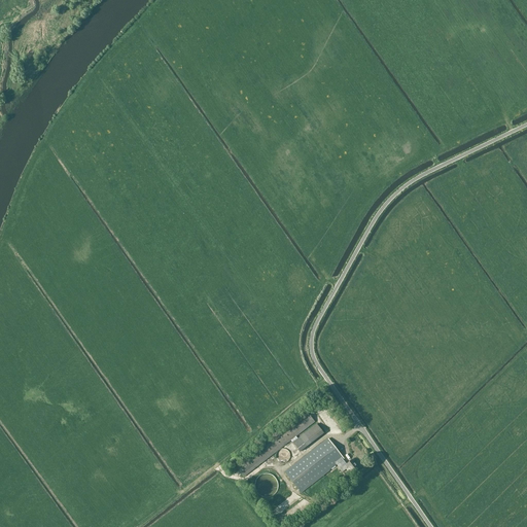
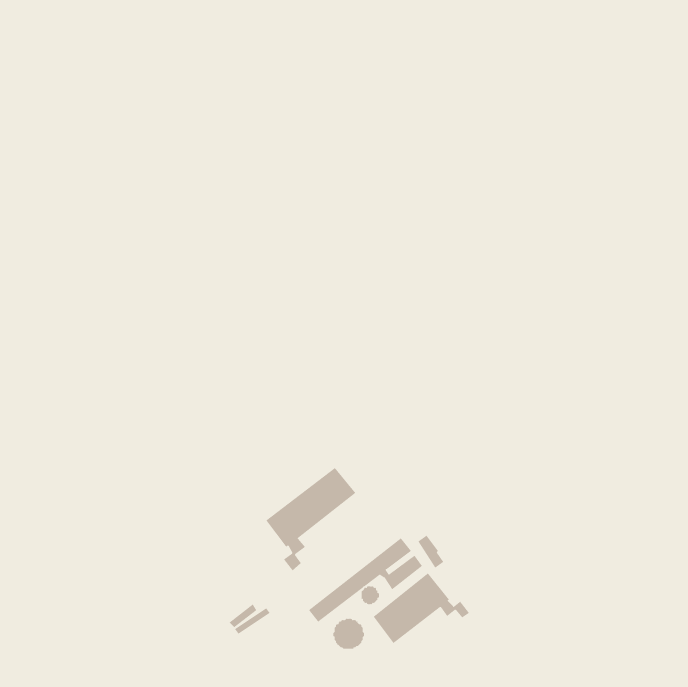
building: none -> [265,467,356,571]

